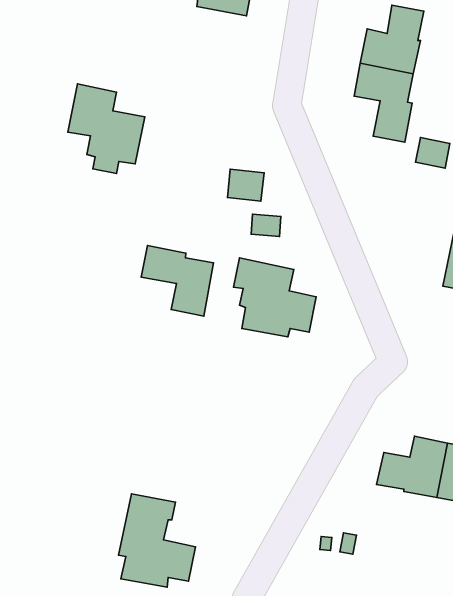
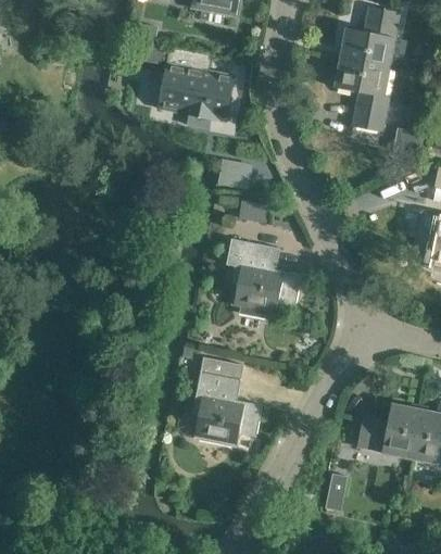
building: [68,84,145,173] -> [163,47,234,129]
building: [141,245,214,316] -> none
building: [119,494,195,587] -> [191,357,262,443]

